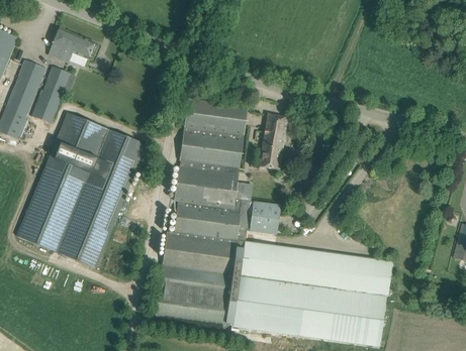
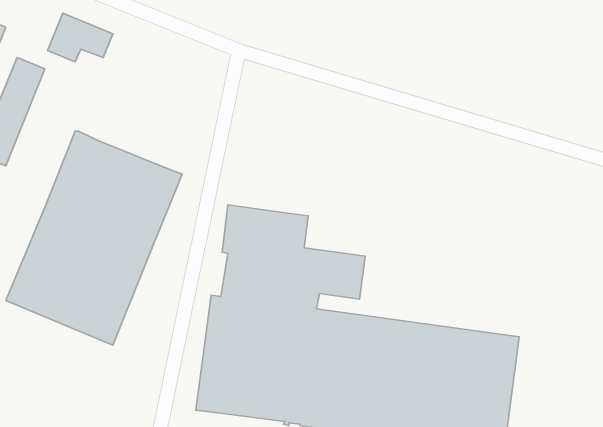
building: [31,66,70,123] -> none
building: [180,98,247,166] -> none
building: [256,112,288,167] -> none

